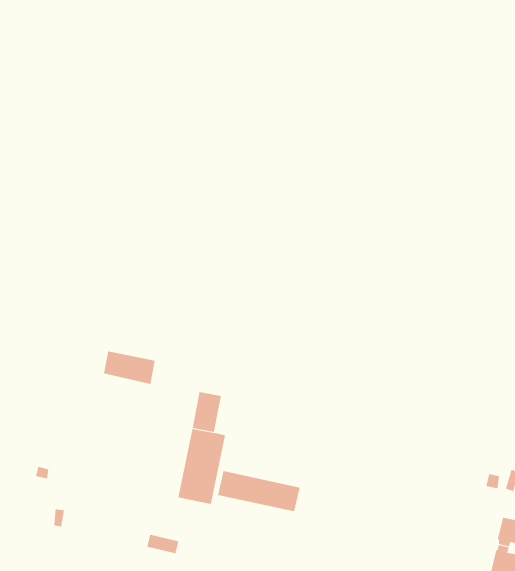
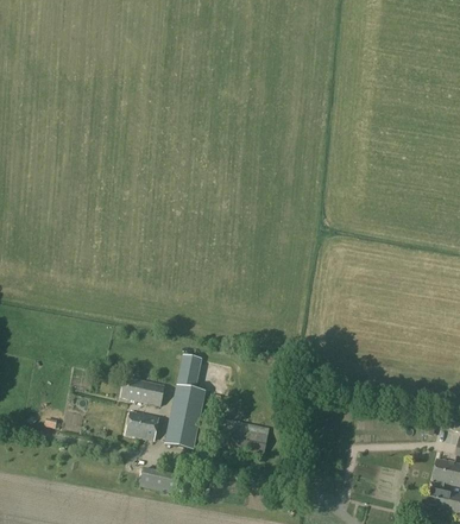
building: [103,351,155,385] -> [121,377,165,405]
building: none -> [126,410,159,440]

